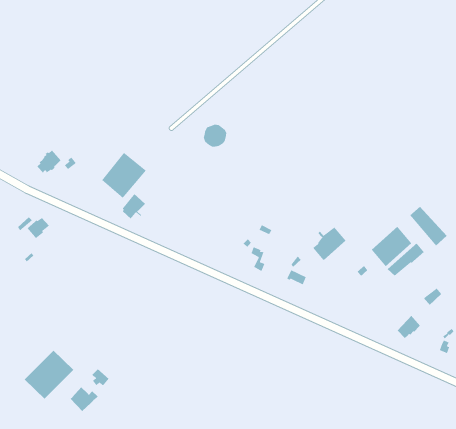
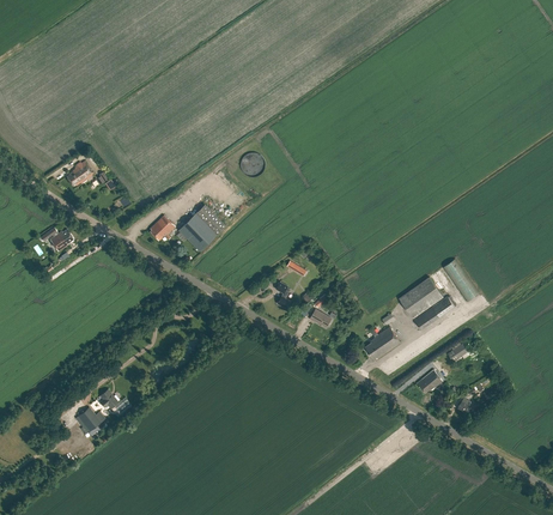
building: [101,152,147,199] -> [178,204,226,252]
building: [312,227,346,261] -> [365,327,401,360]
building: [24,350,74,399] -> none

